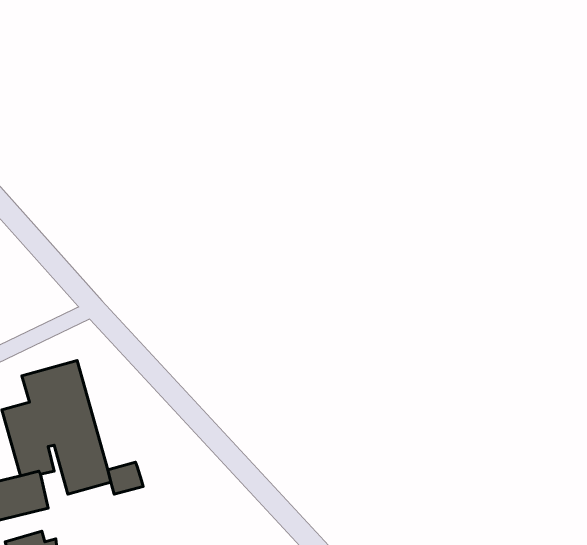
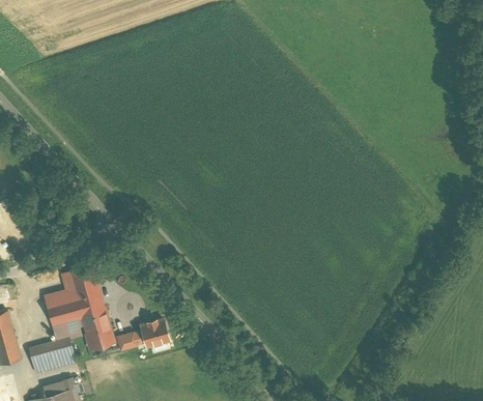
building: none -> [136,321,166,347]

